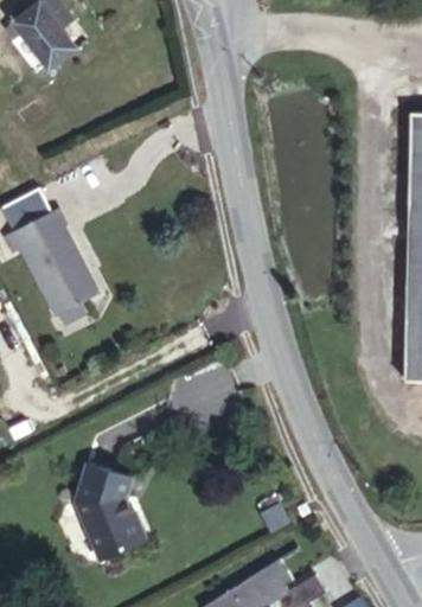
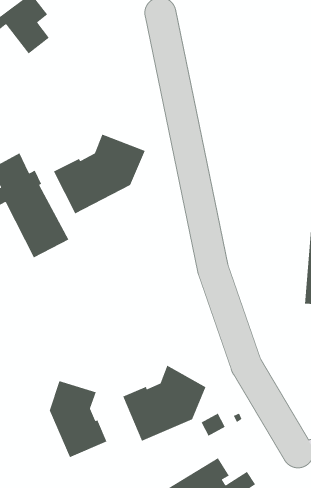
building: none -> [53,133,146,214]
building: none -> [122,364,207,442]

